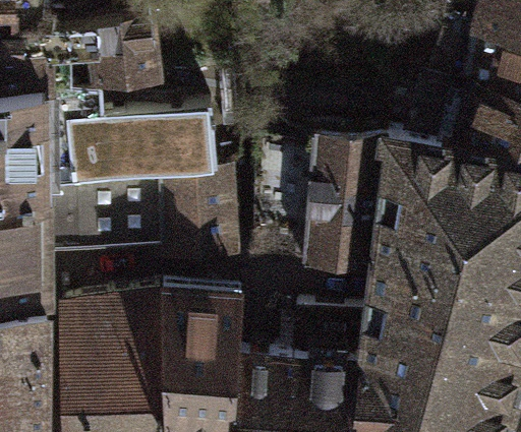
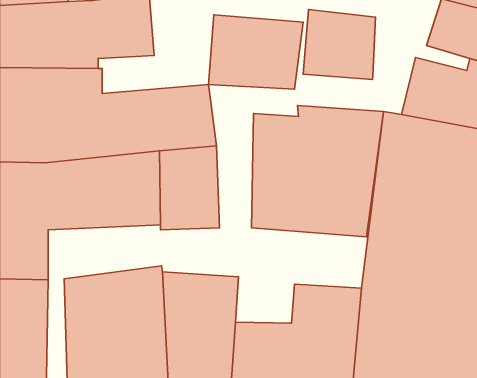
building: none -> [303,10,376,80]
building: none -> [208,15,303,89]

